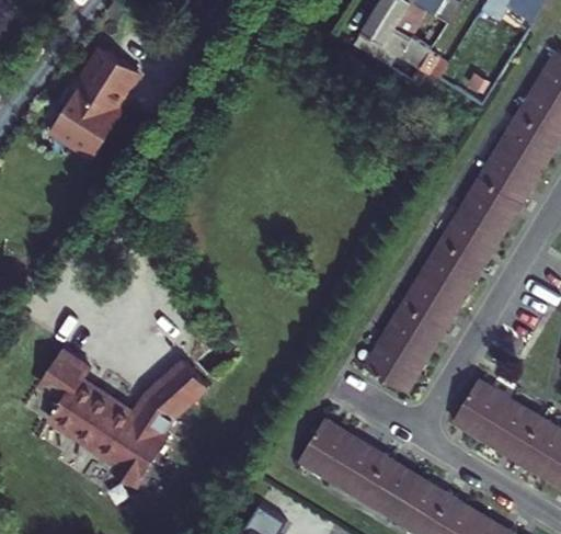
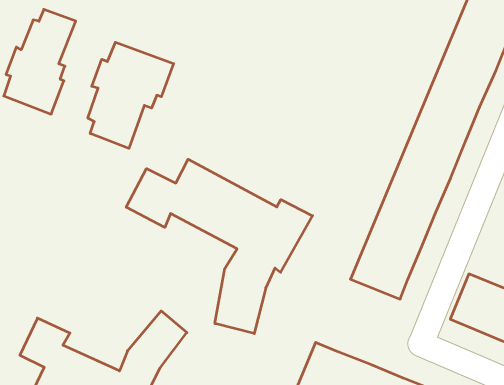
building: none -> [88,42,174,148]
building: none -> [126,159,313,334]

